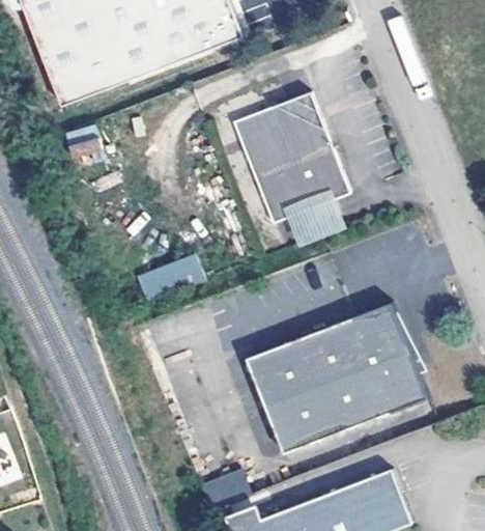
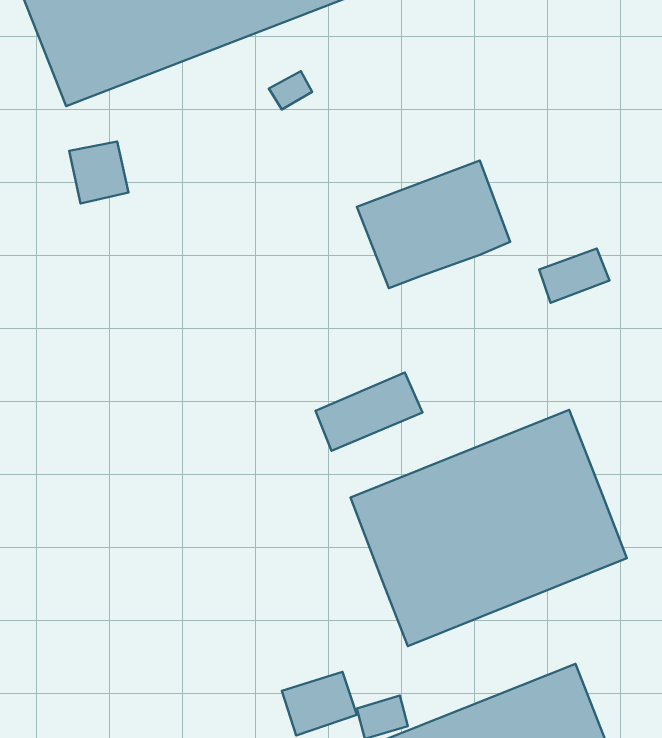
building: [231,88,331,169] -> none
building: [293,200,339,235] -> [539,249,610,303]
building: [136,253,205,304] -> [315,373,422,451]

